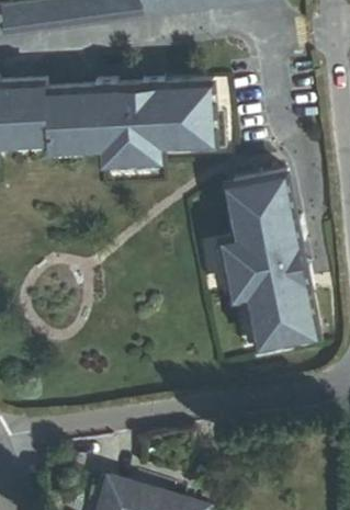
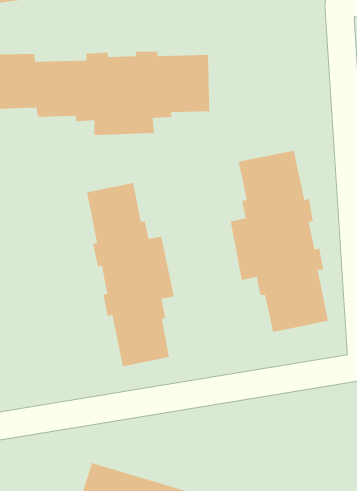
building: none -> [86,182,175,367]

